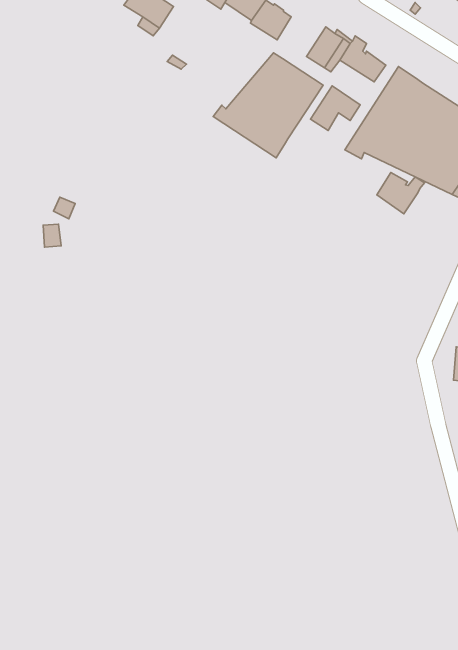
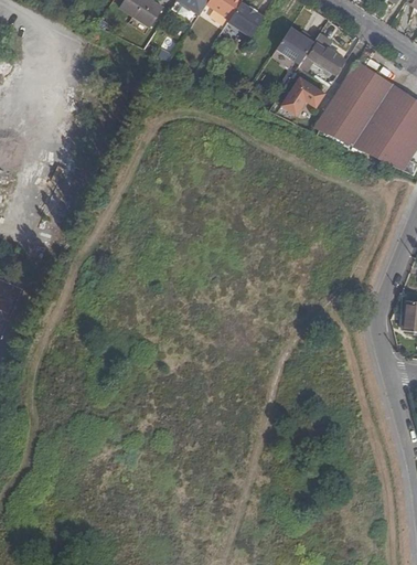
building: [213,53,323,158] -> none
building: [377,173,424,214] -> none

